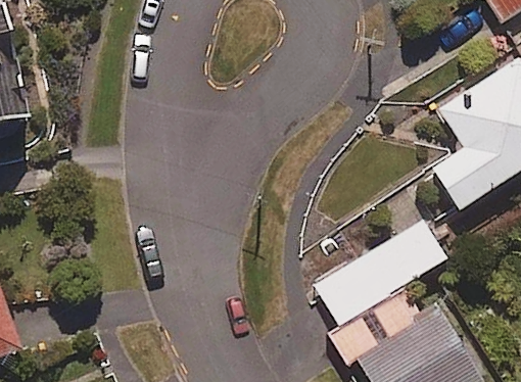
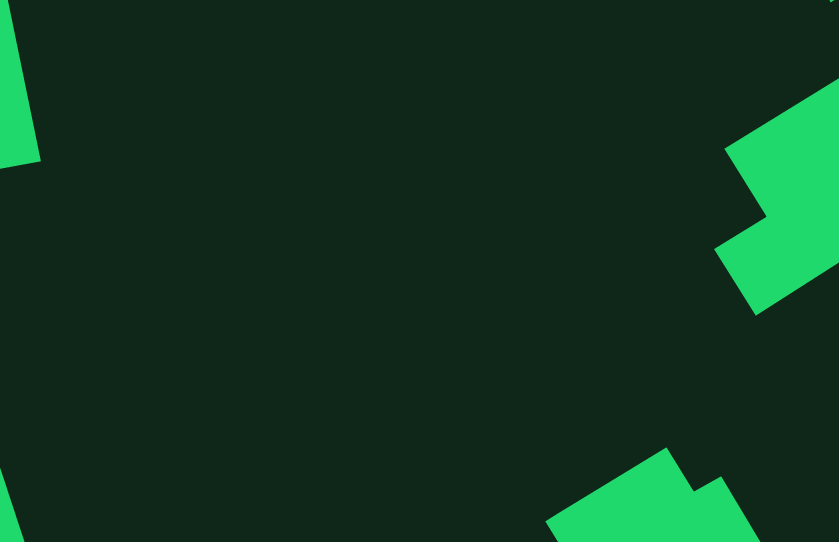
building: [315,222,445,327] -> none

